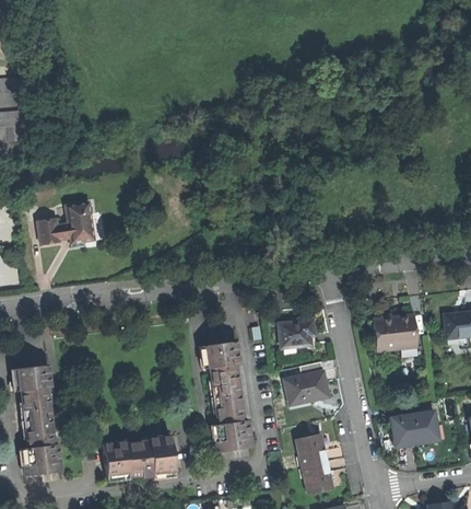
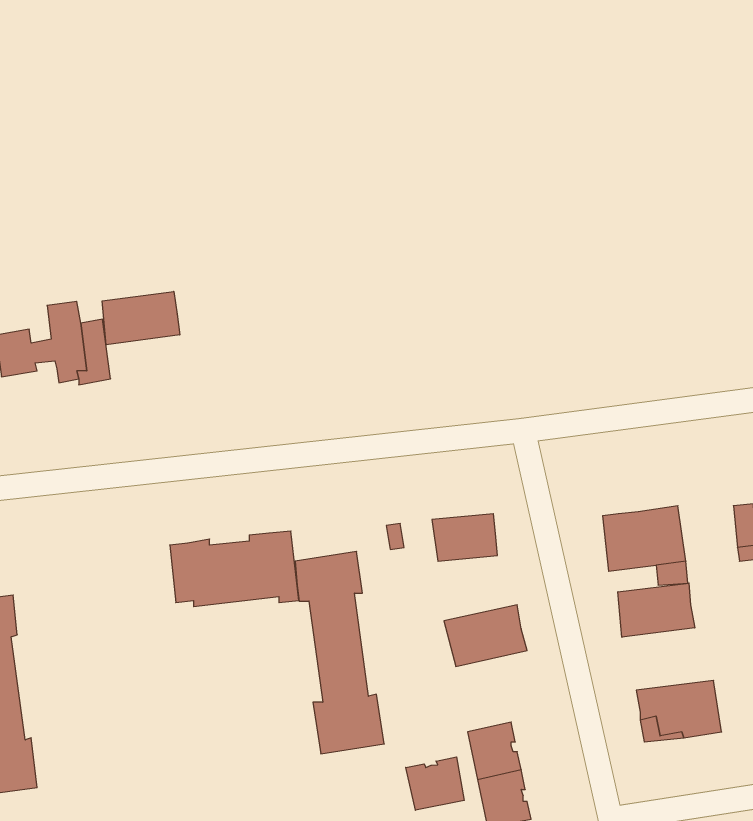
building: none -> [102,291,180,345]
building: none -> [618,583,695,637]
building: [103,437,174,478] -> [170,531,299,607]
building: none -> [406,757,464,810]

